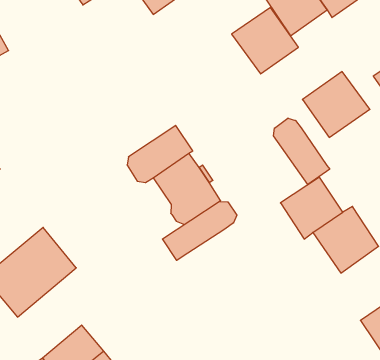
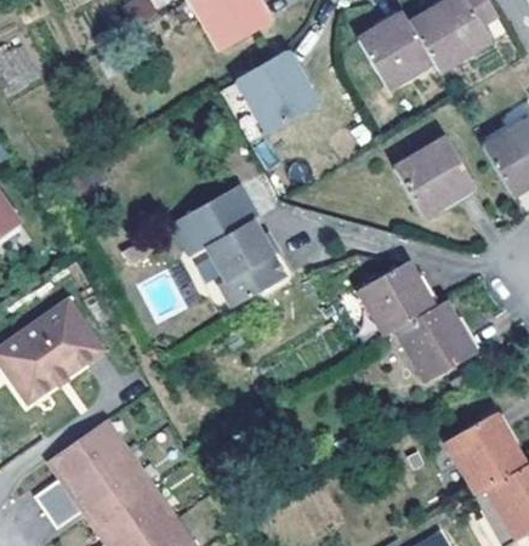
building: [232,7,298,74] -> [238,50,318,130]
building: [274,118,330,185] -> none
building: [162,201,237,260] -> none

